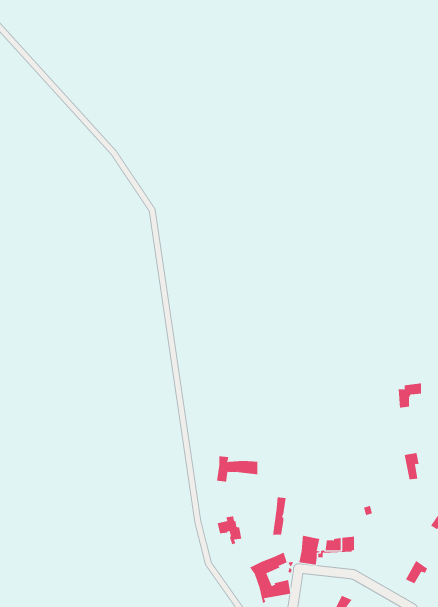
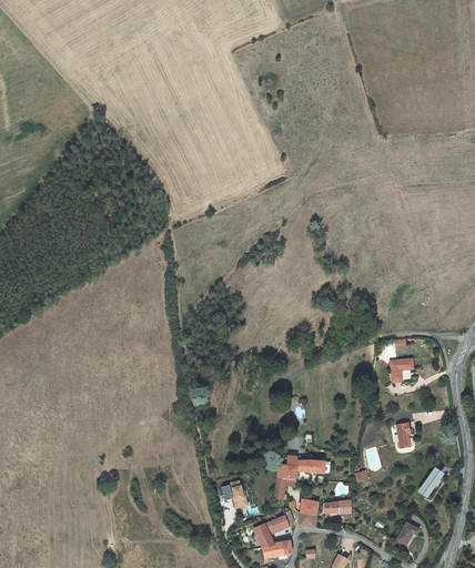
building: [216,456,258,482] -> [285,455,324,479]

